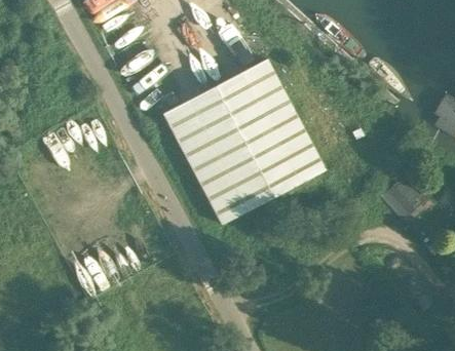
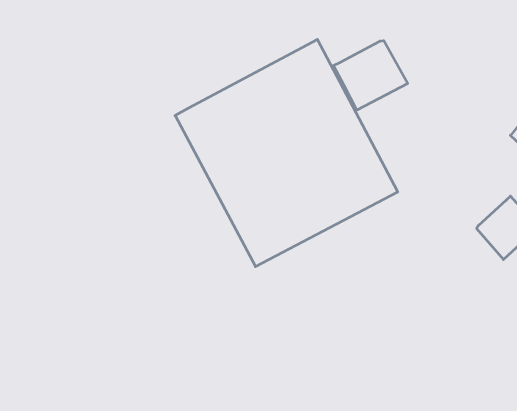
building: none -> [333,41,408,110]

